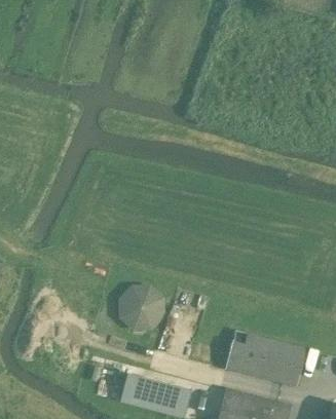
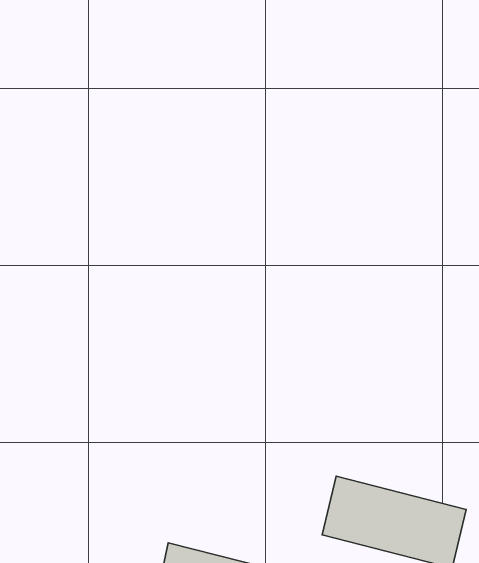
building: [117,285,157,326] -> none

